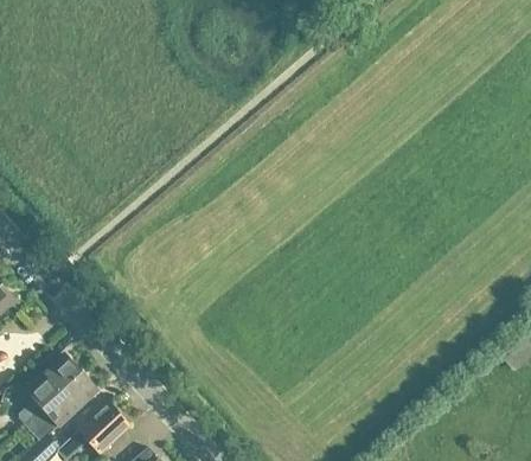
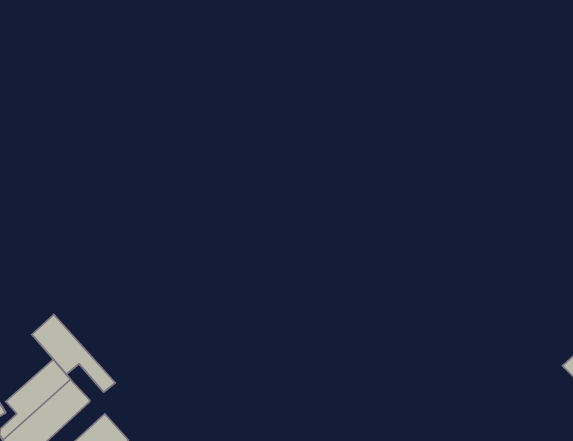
building: none -> [32,314,115,392]

